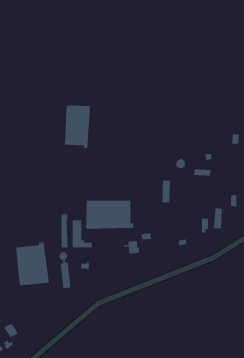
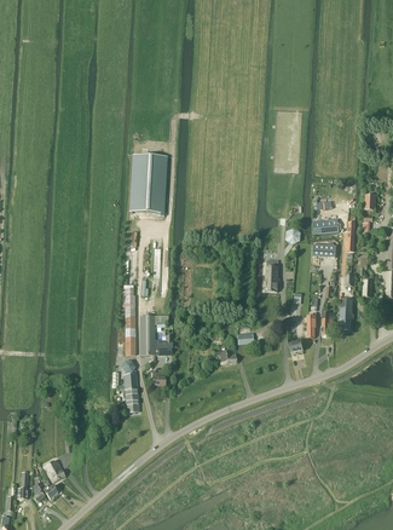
building: [86,200,134,230] -> none
building: [15,242,50,286] -> none

